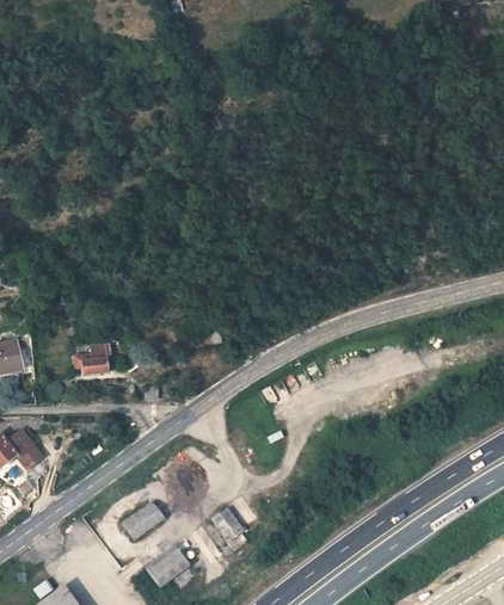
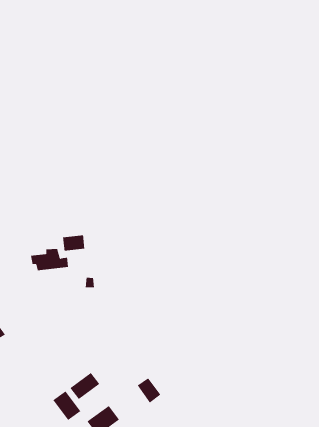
building: none -> [62,235,85,251]
building: none -> [53,390,81,421]

